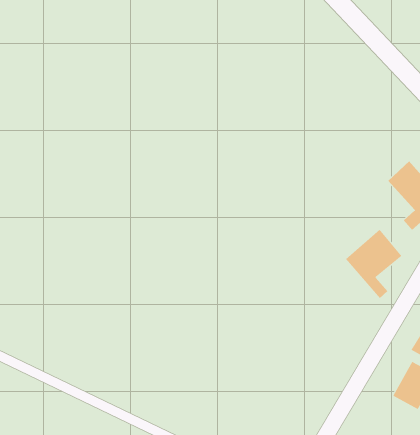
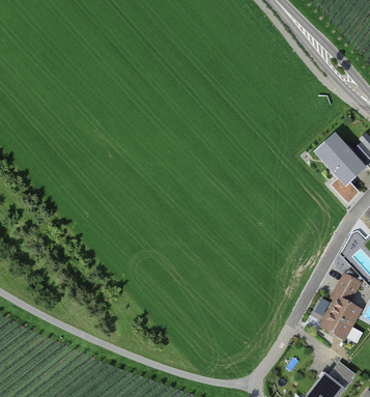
building: [345,229,402,299] -> none

